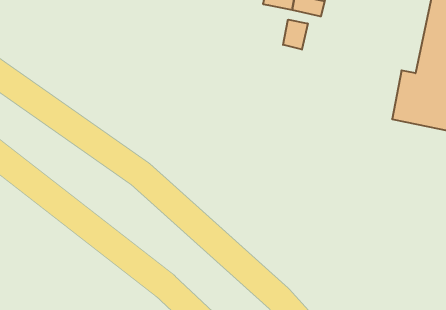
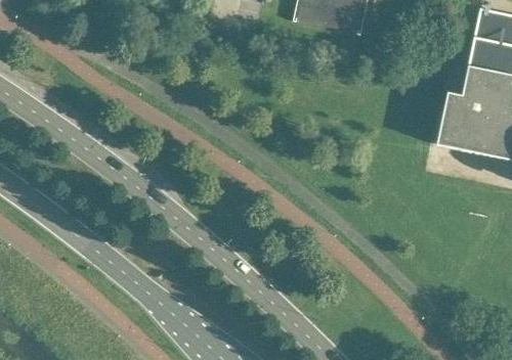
building: [283,20,308,50] -> none

